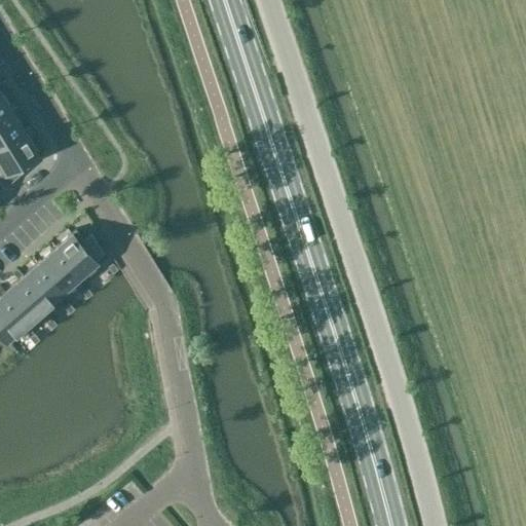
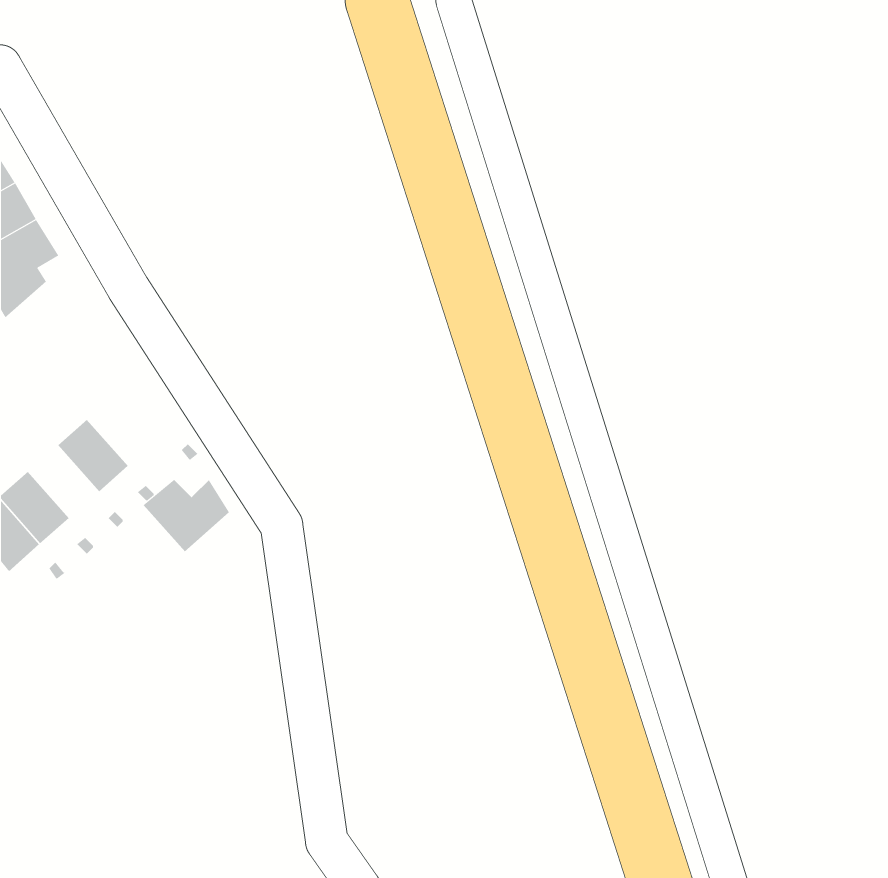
building: [51,238,103,281] -> [143,479,230,552]
building: [16,269,59,312] -> none

